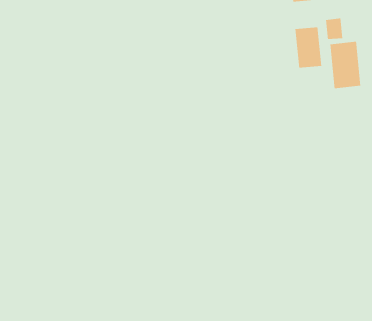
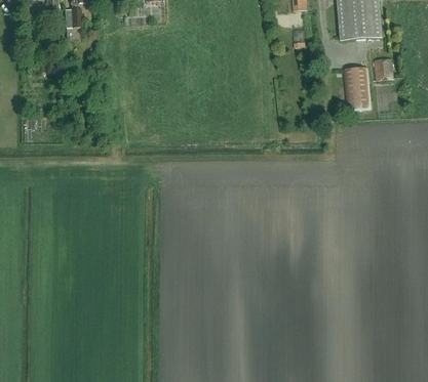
building: [330,41,361,89] -> none

